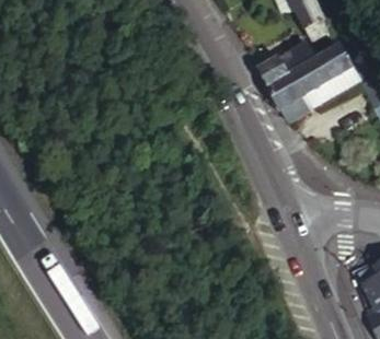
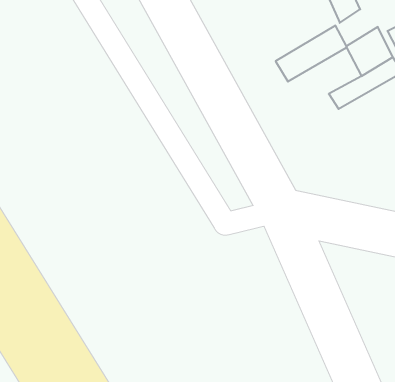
building: [267,58,326,119] -> none

